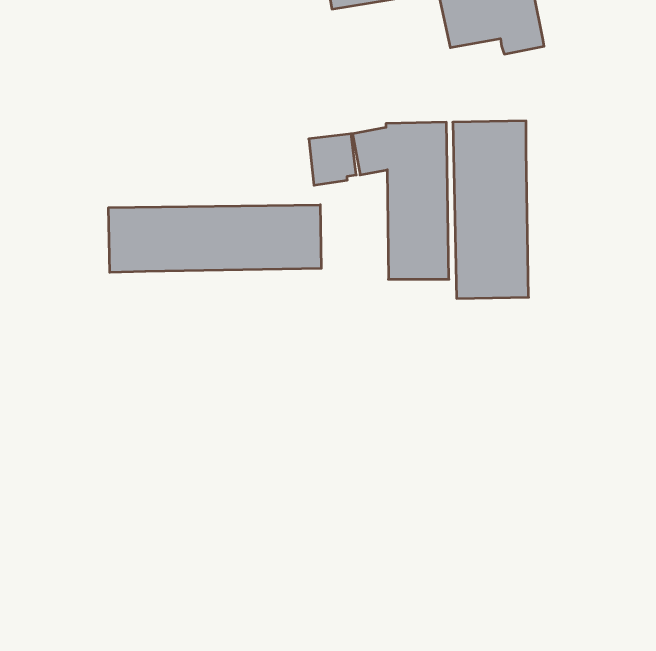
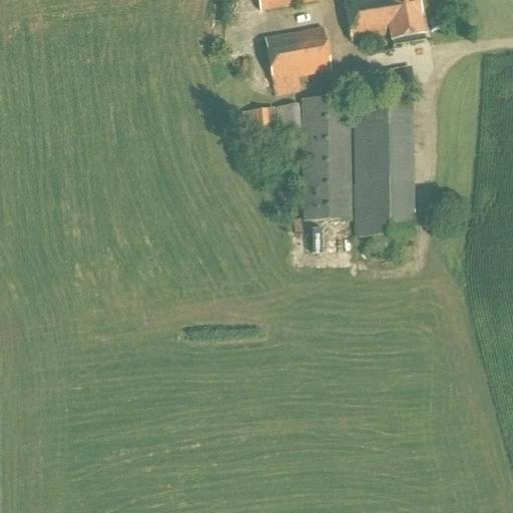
building: none -> [265,25,331,93]
building: [109,205,321,272] -> none

